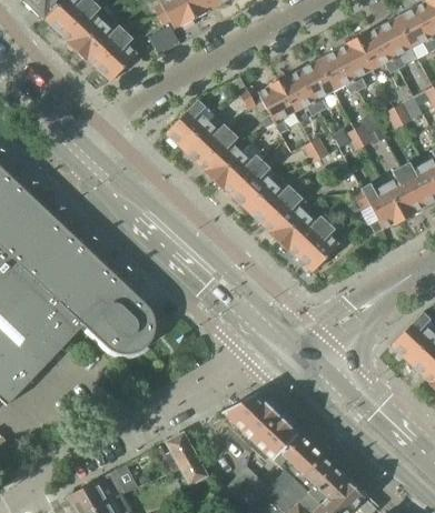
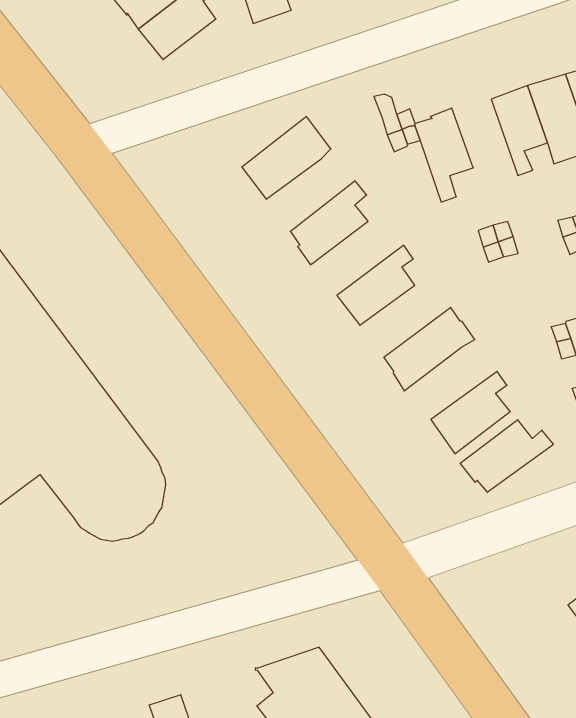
building: [277,71,320,115] -> none
building: [182,121,230,164] -> none
building: [214,151,264,195] -> none
building: [247,182,296,225] -> none
building: [278,212,328,255] -> [460,420,553,492]

